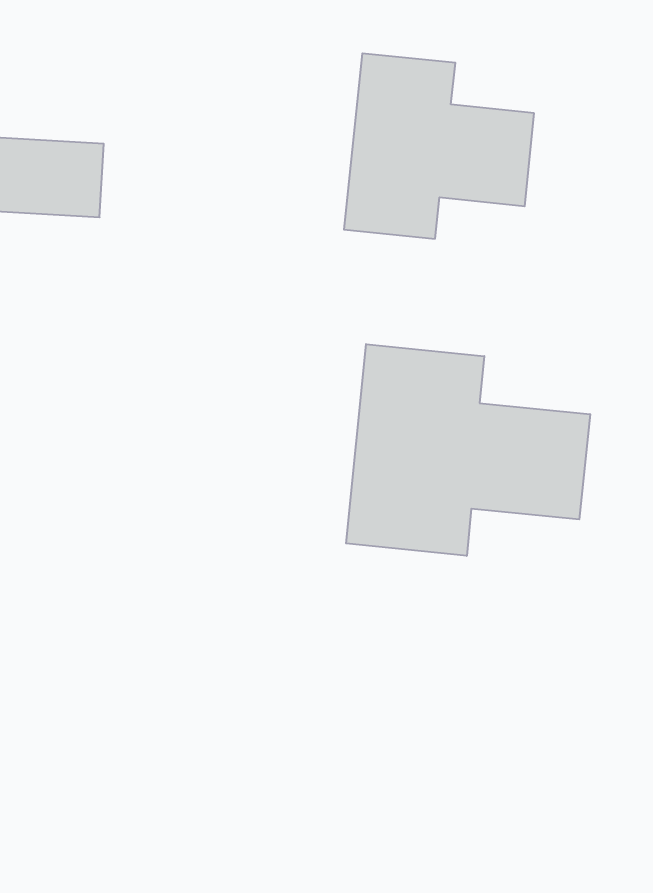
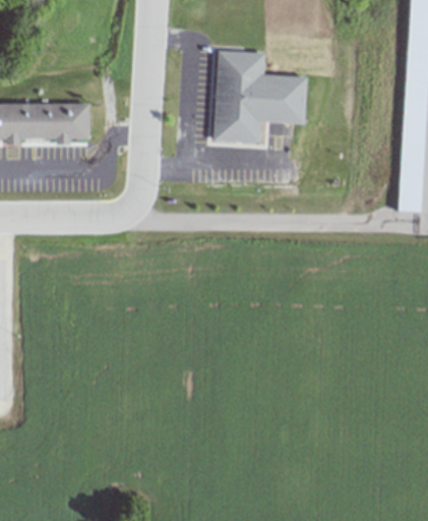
building: [346,344,590,556] -> none

